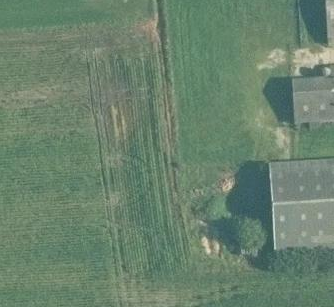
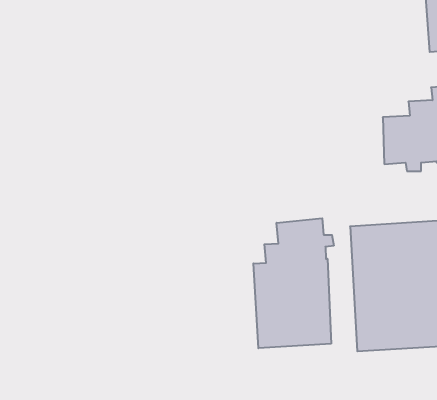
building: none -> [253,218,334,348]

